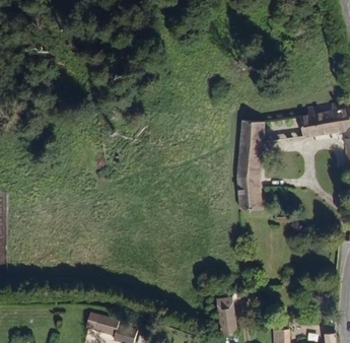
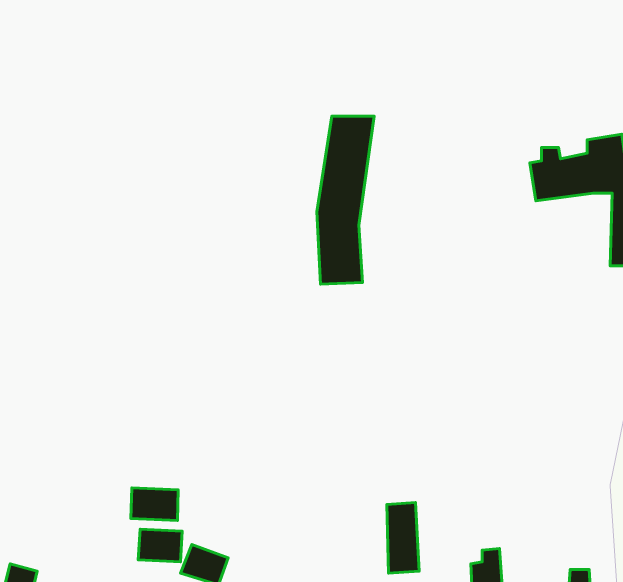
building: [232,123,263,212] -> [317,116,374,284]
building: none -> [131,488,178,521]

